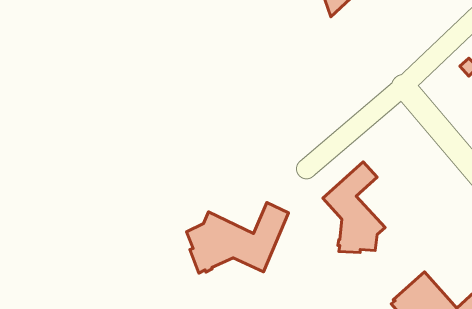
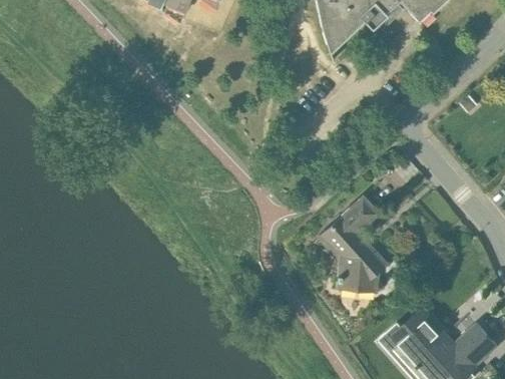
building: [187,203,289,273] -> none

